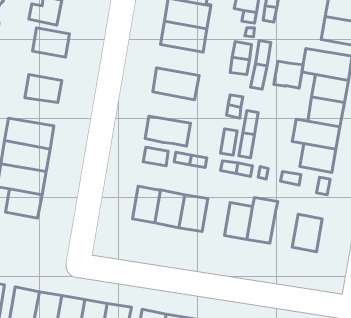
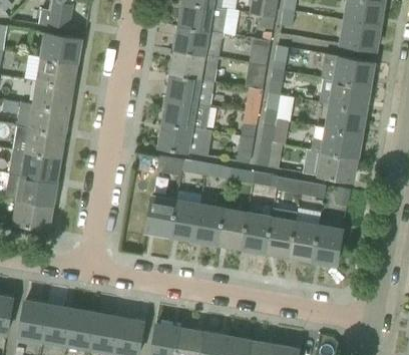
building: none -> [170,50,219,82]
building: none -> [38,57,76,87]
building: [274,61,303,88] -> [264,94,294,122]
building: none -> [162,99,210,131]
building: none -> [17,102,68,134]
building: none -> [218,210,247,248]
building: none -> [288,222,317,260]

